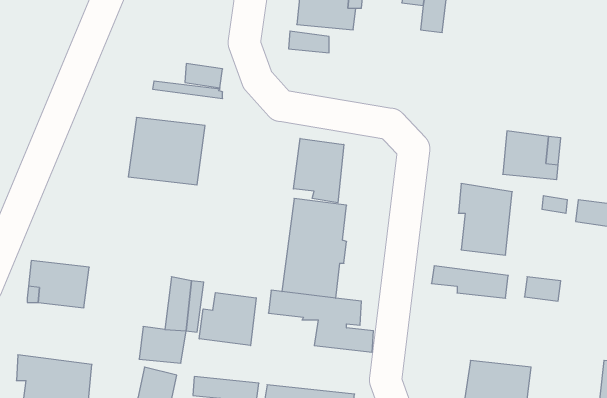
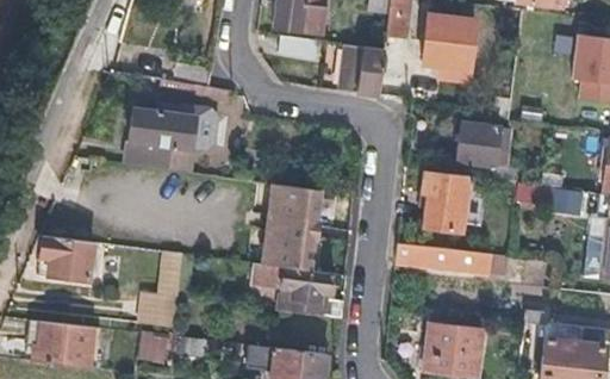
building: none -> [422,15,475,68]
building: none -> [330,43,384,95]
building: [293,138,344,203] -> none
building: [199,293,256,346] -> none

